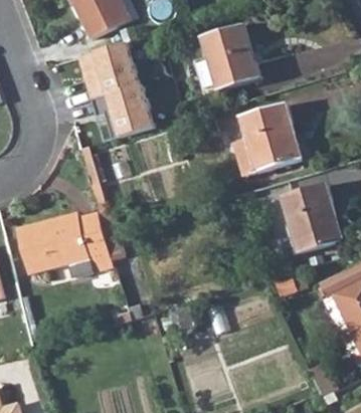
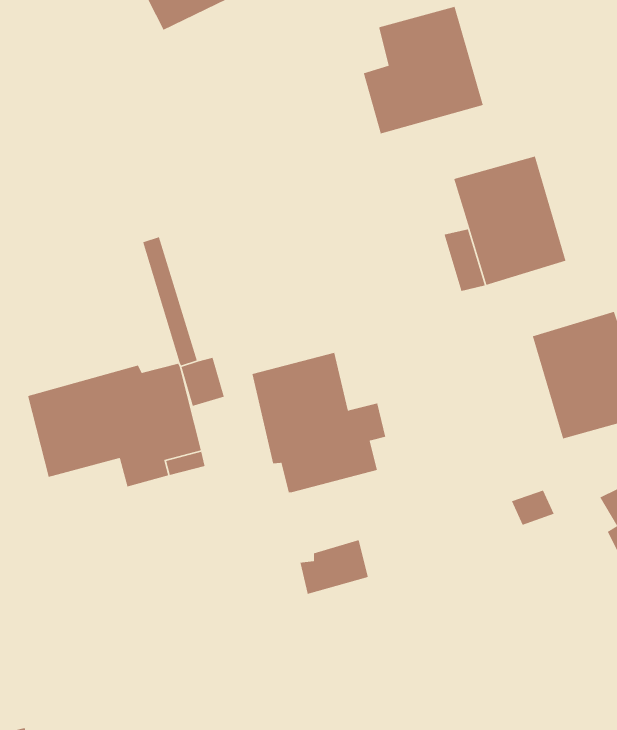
building: [76,33,153,129] -> none
building: none -> [251,352,386,493]

